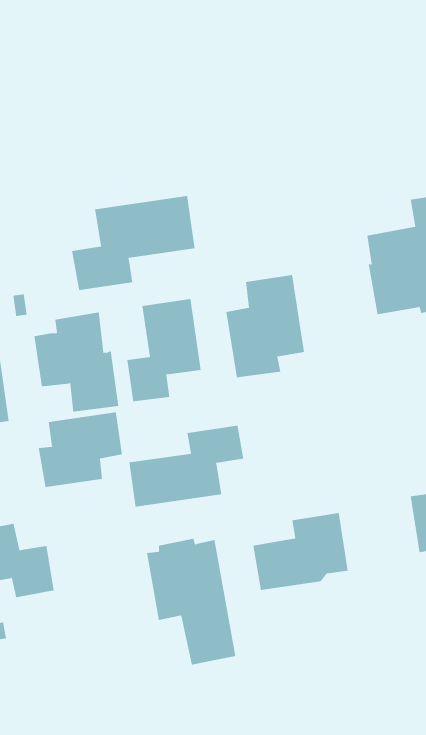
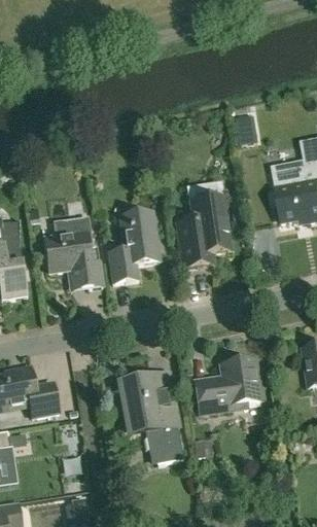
building: [72,195,195,291] -> none
building: [38,412,122,488] -> none
building: [129,425,244,508] -> none

